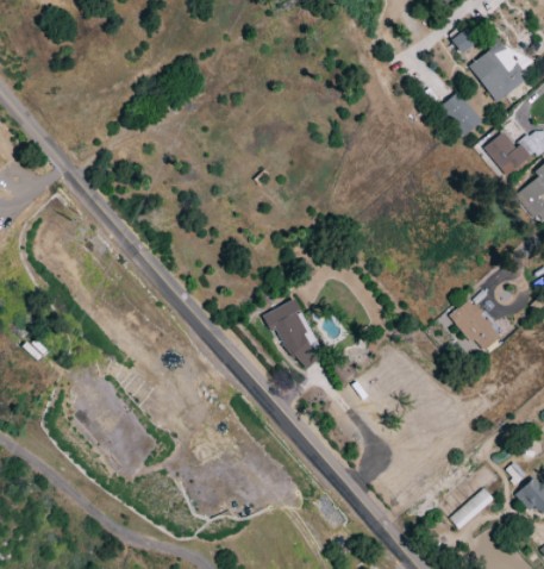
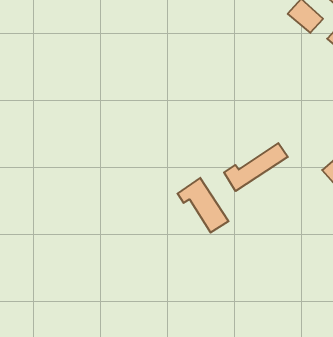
building: none -> [224,143,288,191]

